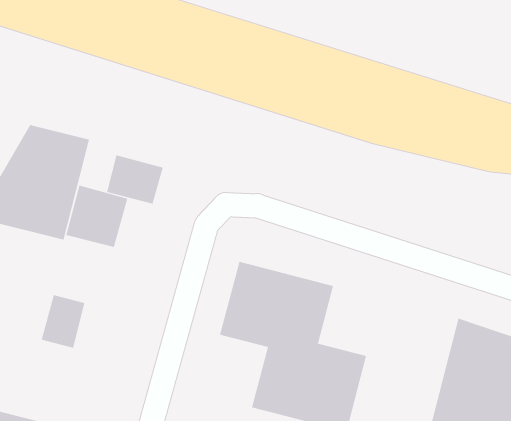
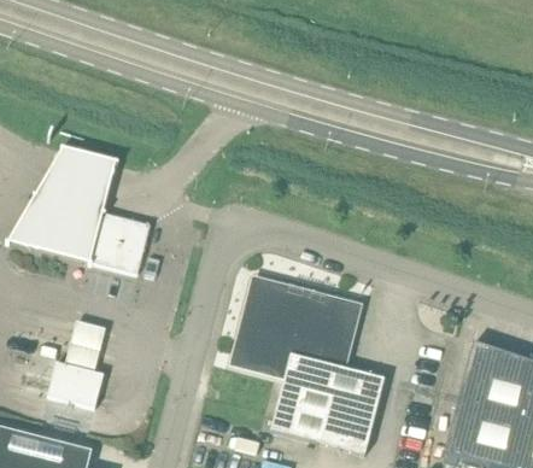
building: [106,155,164,205] -> none
building: none -> [48,362,104,406]

